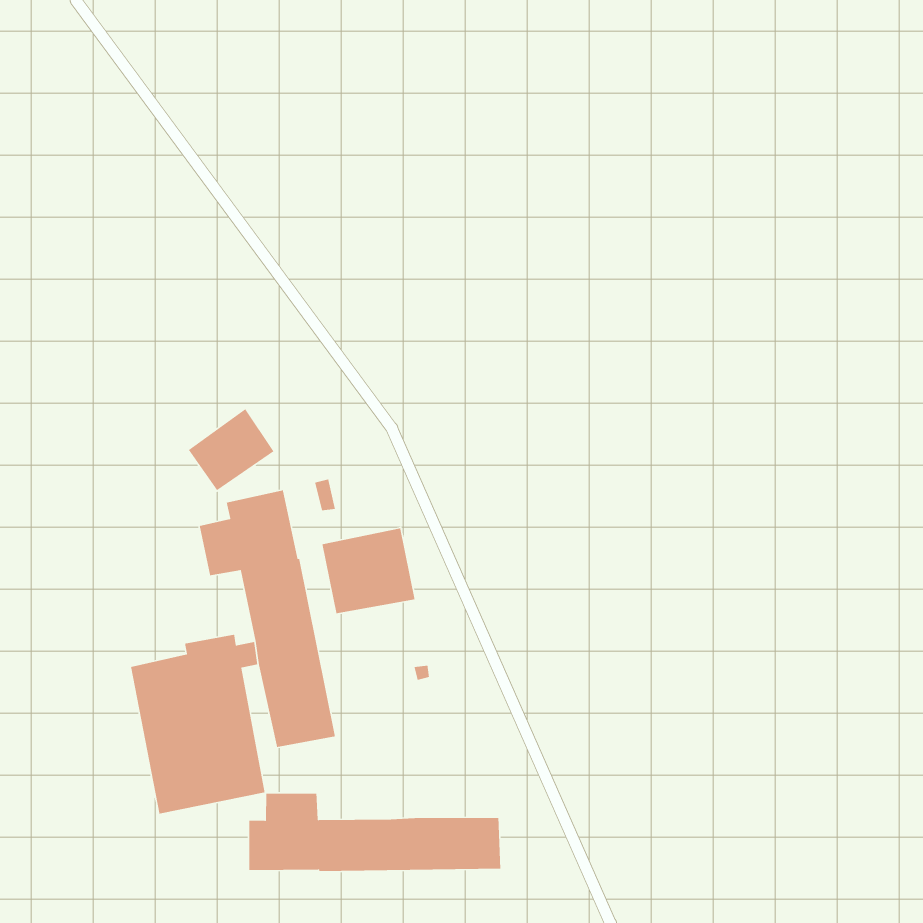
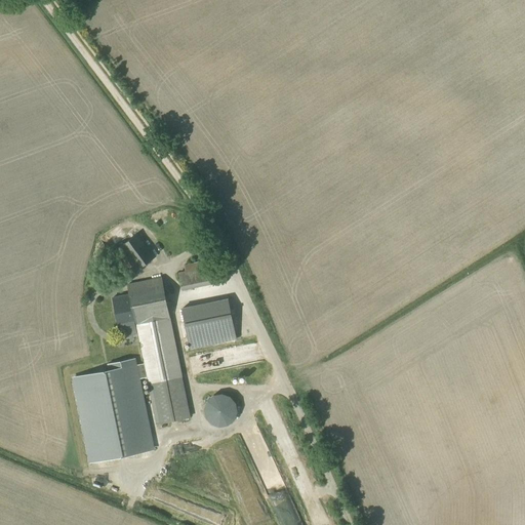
building: none -> [205,395,236,426]
building: [248,793,501,872] -> none

